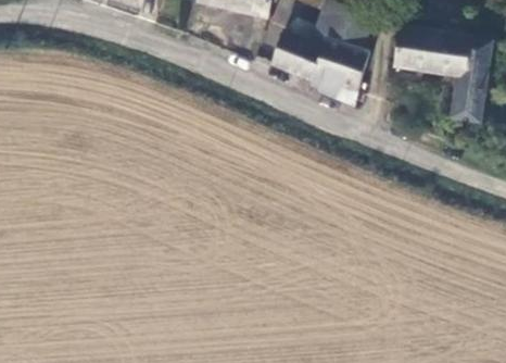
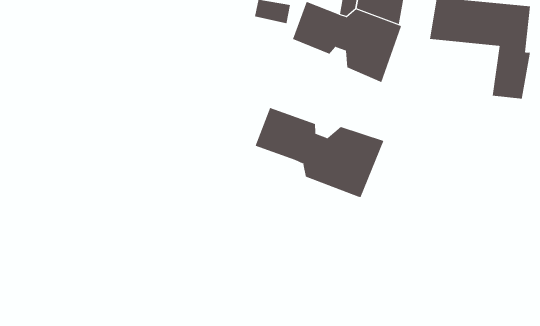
building: none -> [255,107,384,198]

